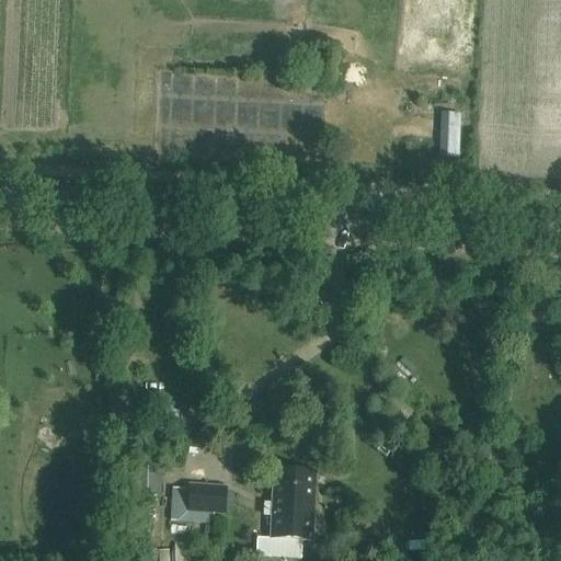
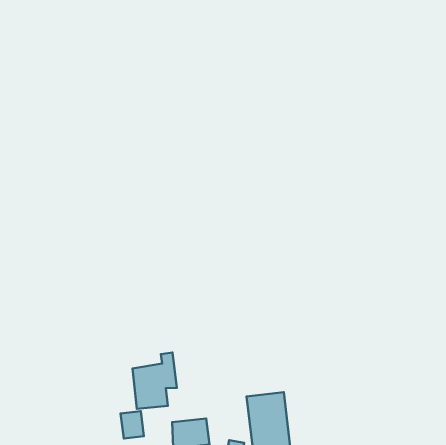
building: [440,111,460,156] -> none
building: none -> [132,352,177,409]

